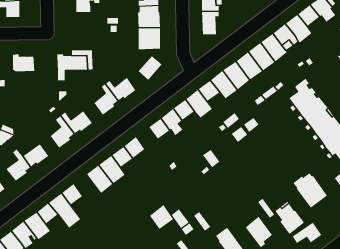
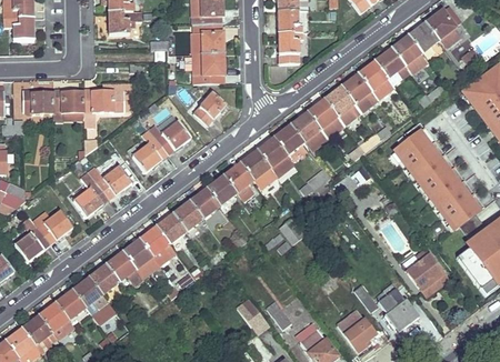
building: none -> [52,89,83,121]
building: none -> [190,188,219,218]
building: none -> [106,251,142,283]
building: [149,204,174,230] -> none

